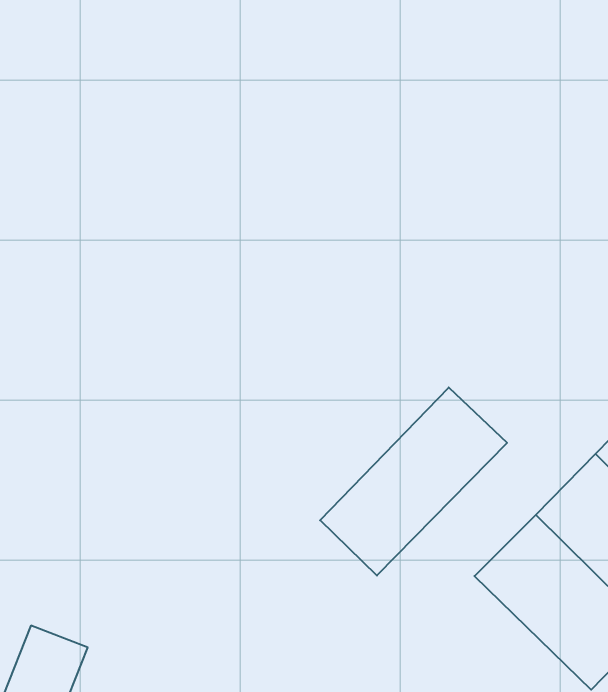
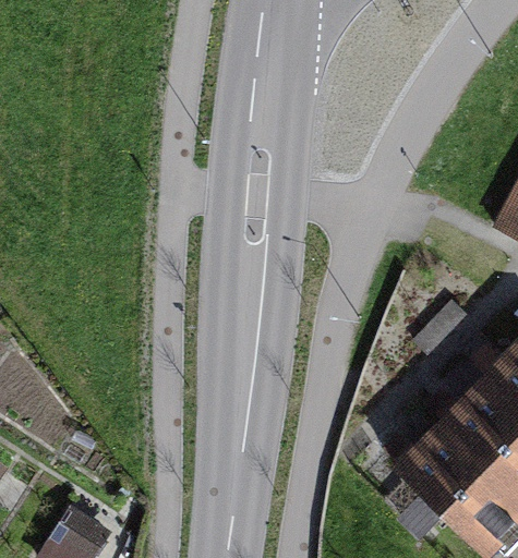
building: [320,387,507,576] -> none

